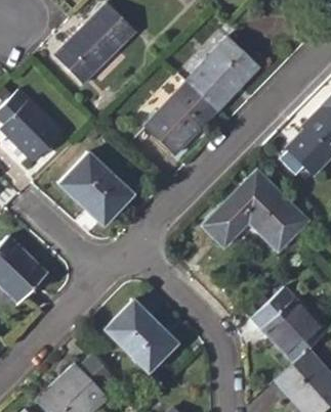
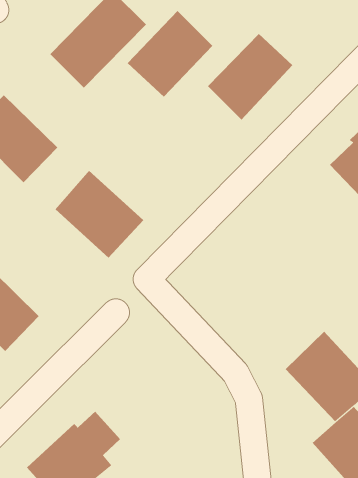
building: [143,82,215,154] -> [127,10,213,98]
building: [204,179,305,249] -> none
building: [106,301,176,373] -> none

